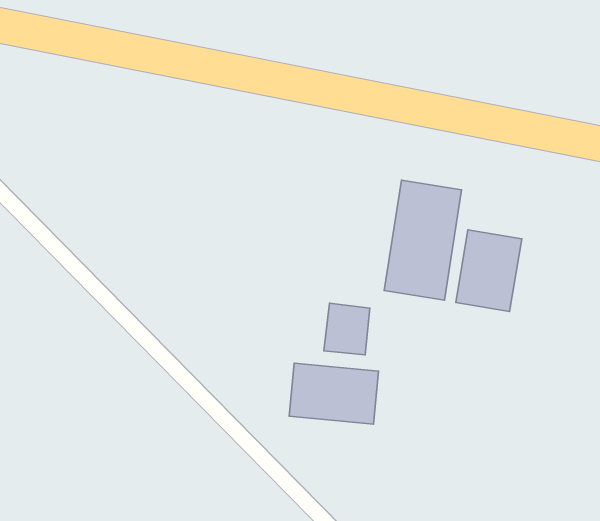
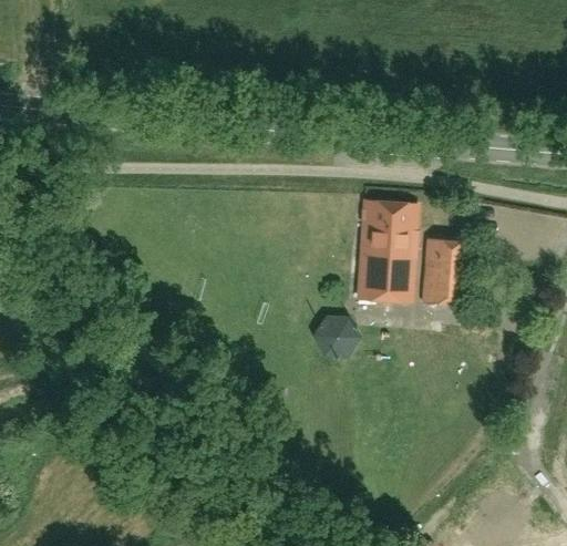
building: [289,363,378,424] -> none

